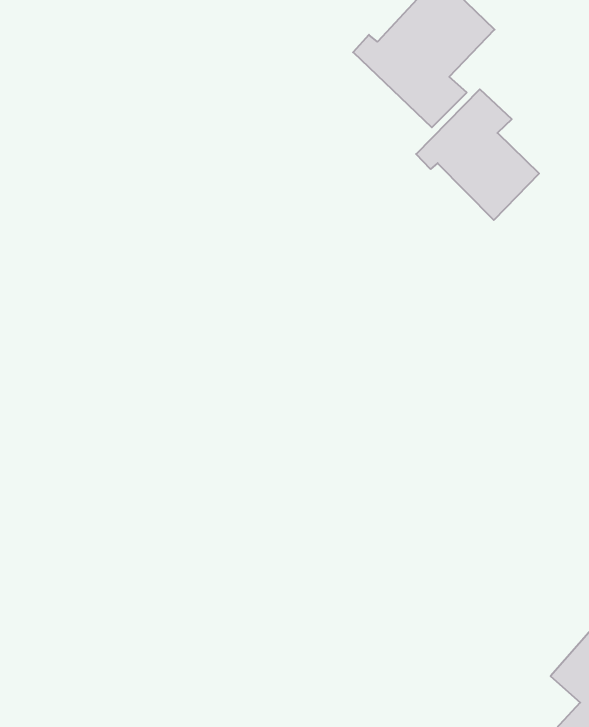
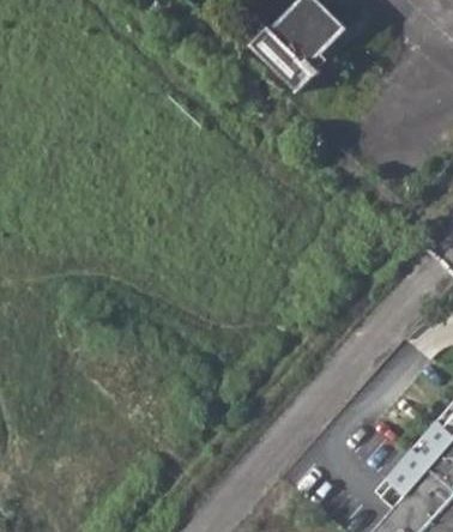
building: [416,89,539,220] -> none

